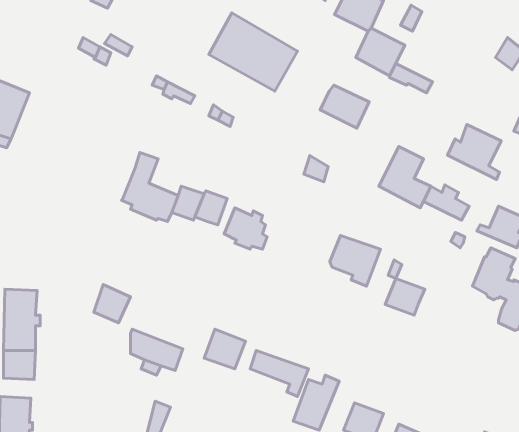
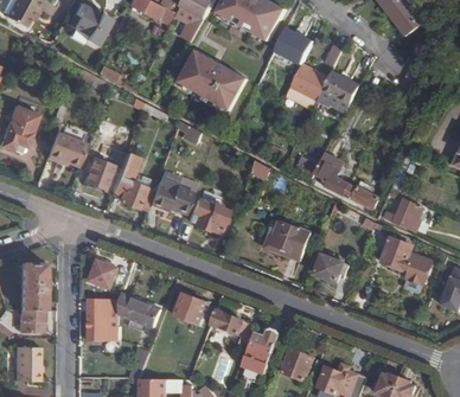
building: [320,85,369,128] -> [321,69,359,102]
building: none -> [45,130,84,165]
building: [447,124,501,180] -> none
building: none -> [83,158,120,192]
building: none -> [89,296,116,342]

